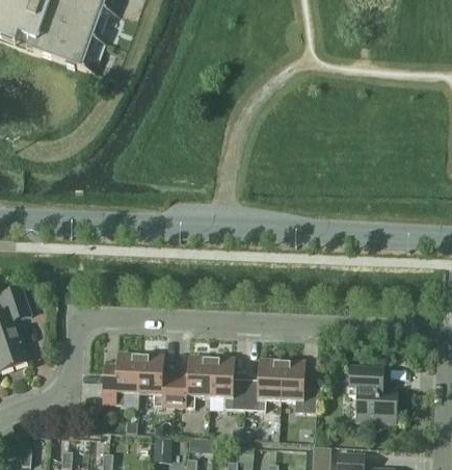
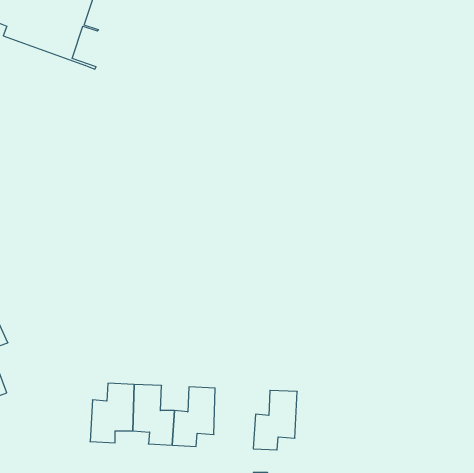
building: [209,355,245,408] -> none
building: [280,358,316,411] -> none
building: [348,366,397,419] -> none

